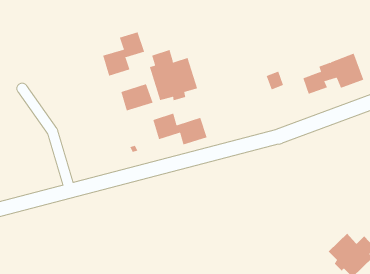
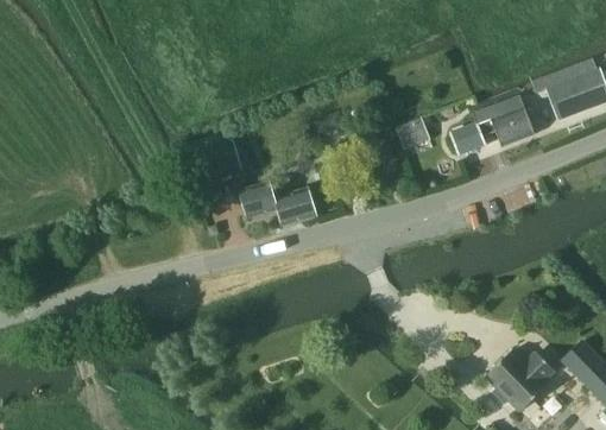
building: [103,31,145,76] -> none
building: [149,49,198,101] -> none

